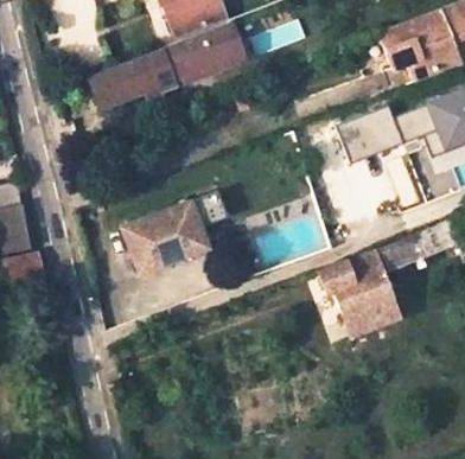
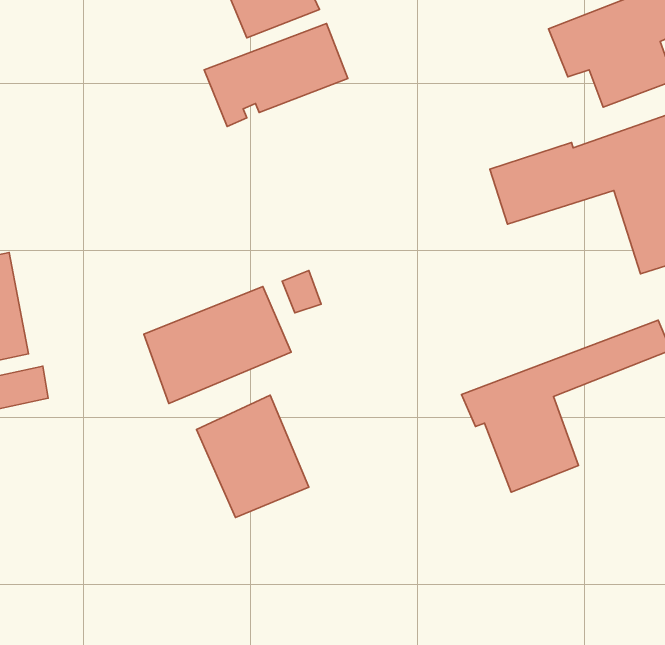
building: [93,56,167,110] -> none
building: none -> [196,395,309,517]

